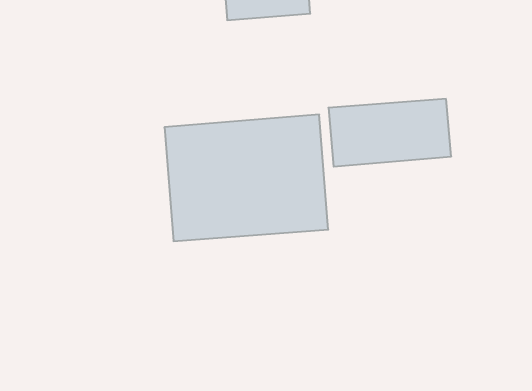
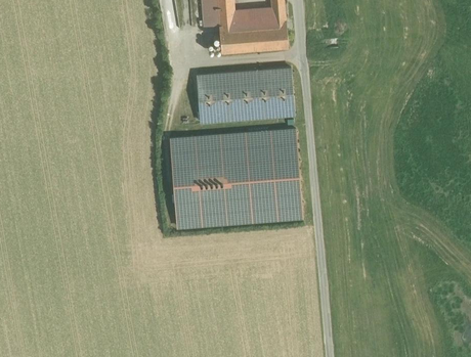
building: [328,99,451,167] -> [197,68,295,122]

